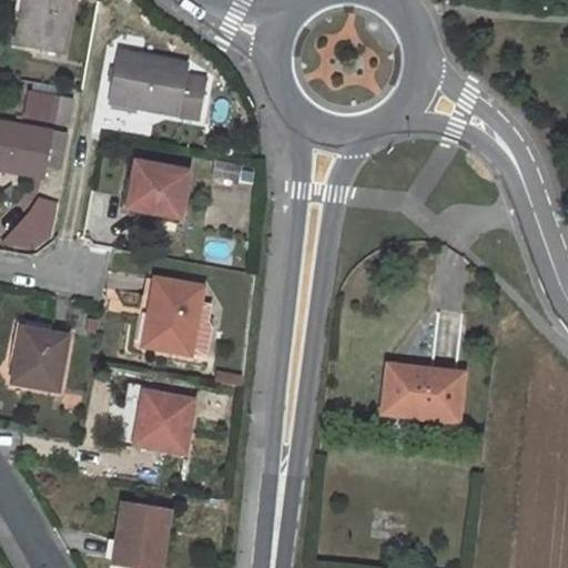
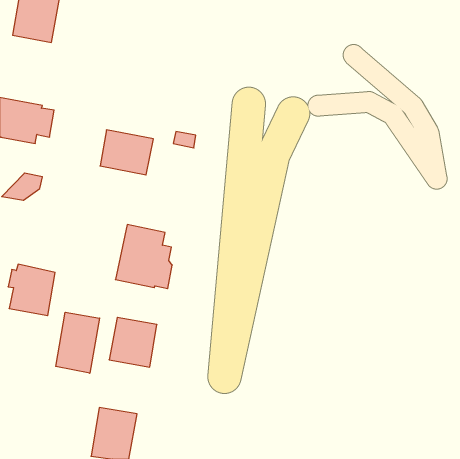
building: [109,51,205,119] -> none
building: [24,88,72,120] -> none
building: [383,364,463,422] -> none
building: none -> [56,312,100,373]

